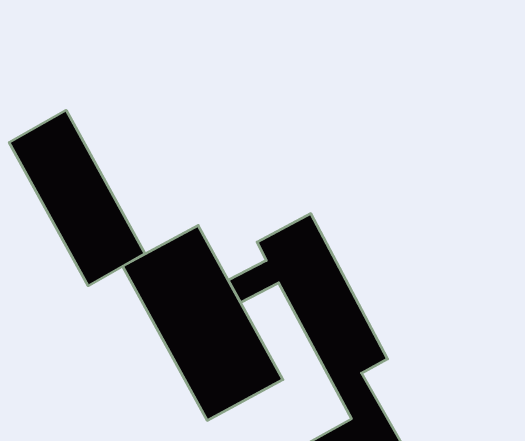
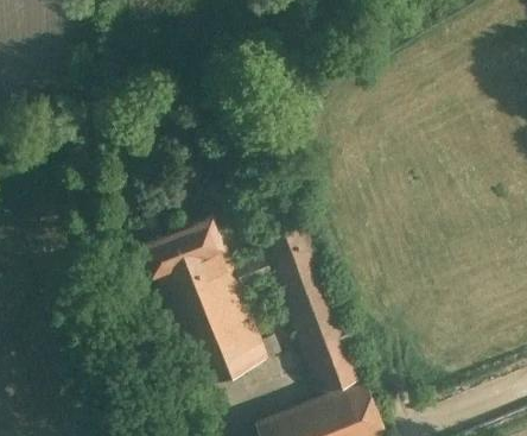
building: [9,110,145,286] -> none

